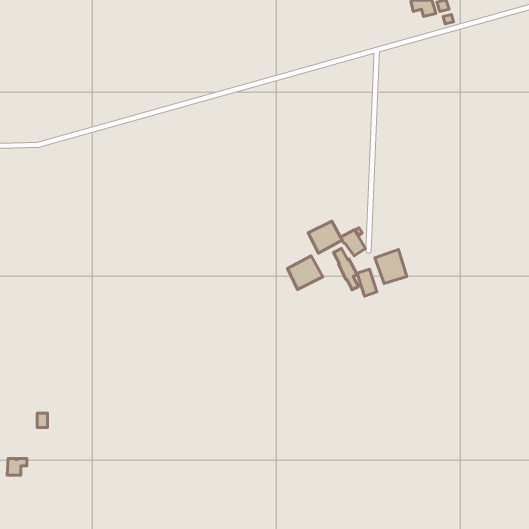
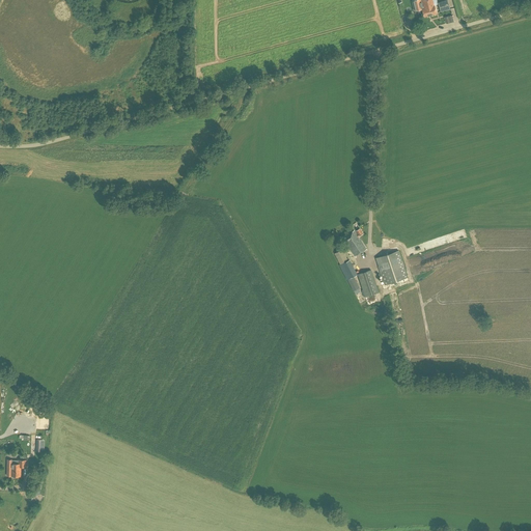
building: [308,221,342,253] -> none
building: [287,256,323,289] -> none

